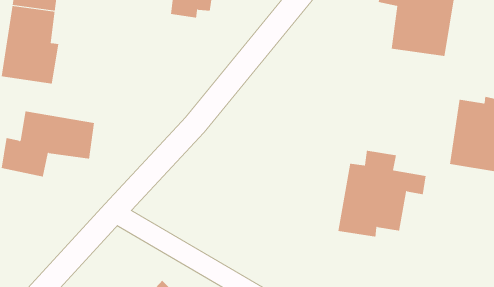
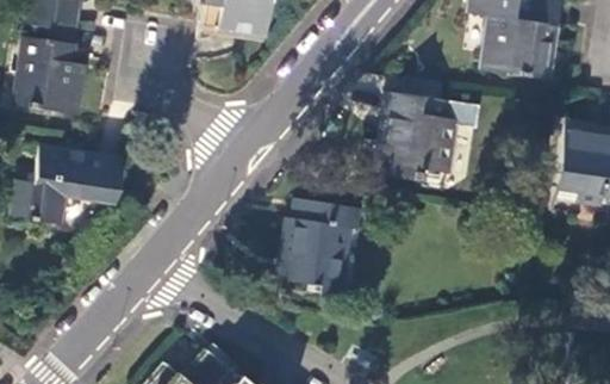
building: [338,150,427,237] -> [372,79,479,184]
building: none -> [276,202,362,298]

